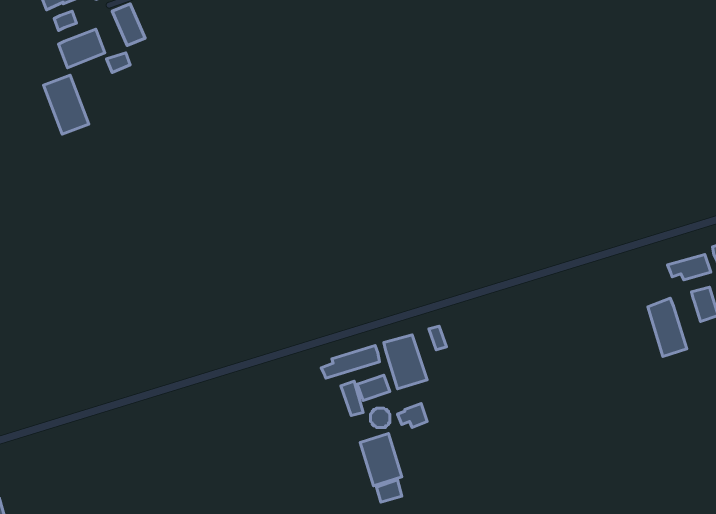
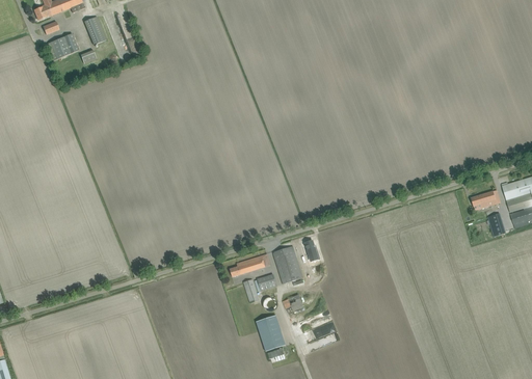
building: [44,75,89,134] -> none
building: [648,298,687,357] -> none

